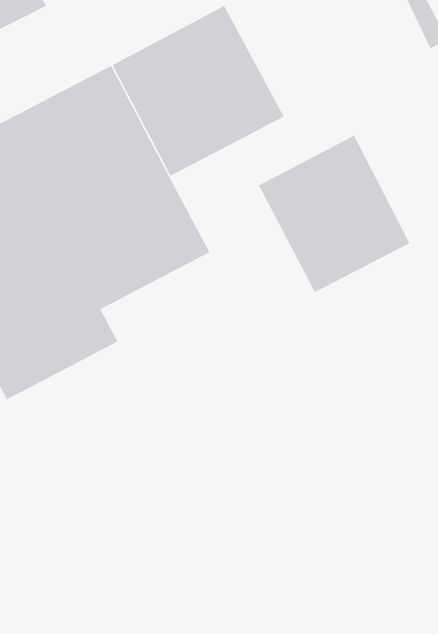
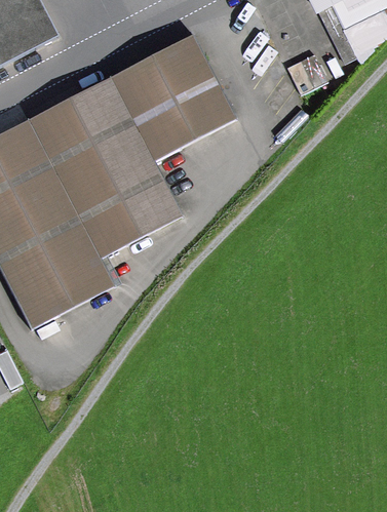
building: [258,134,410,293] -> none

